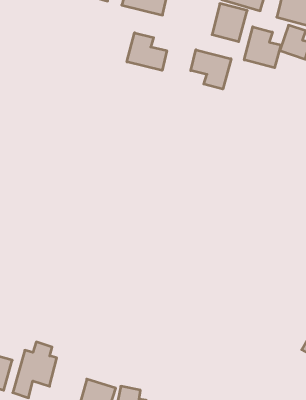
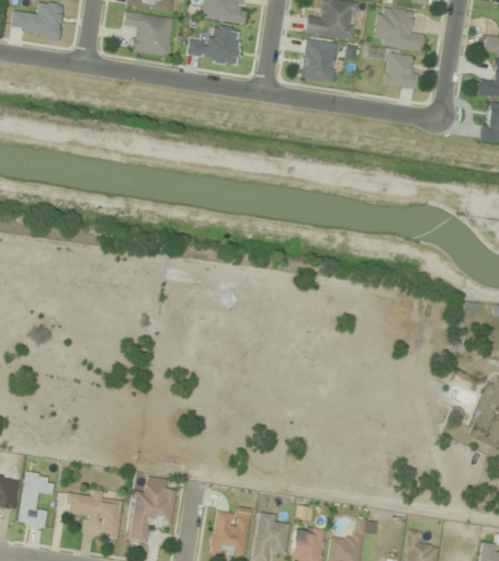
building: [244,27,281,68] -> none
building: [127,33,167,70] -> none
building: [191,50,231,89] -> none

